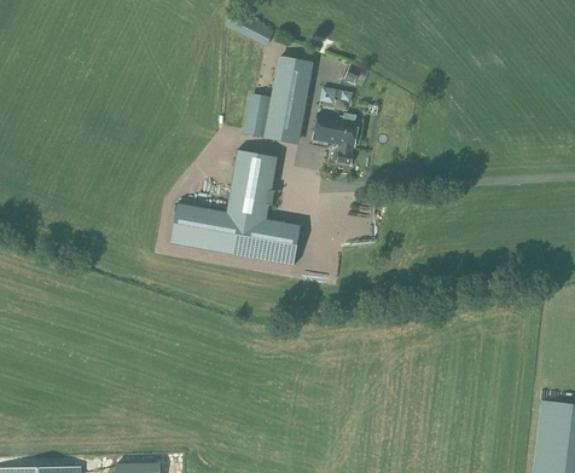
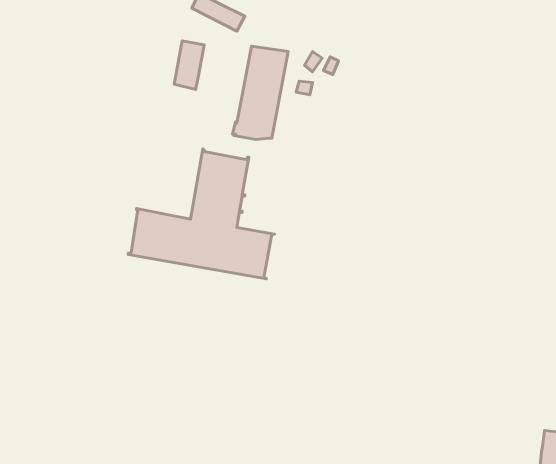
building: [245,93,272,137] -> [174,41,204,89]
building: [314,113,360,163] -> none

